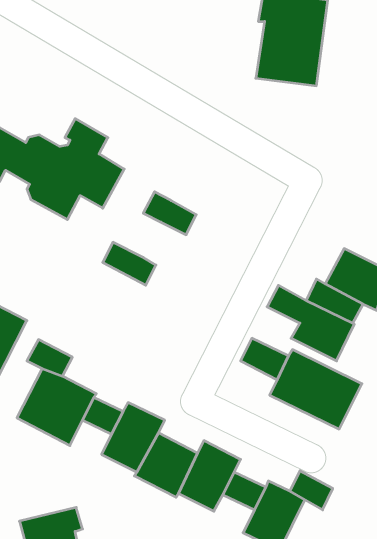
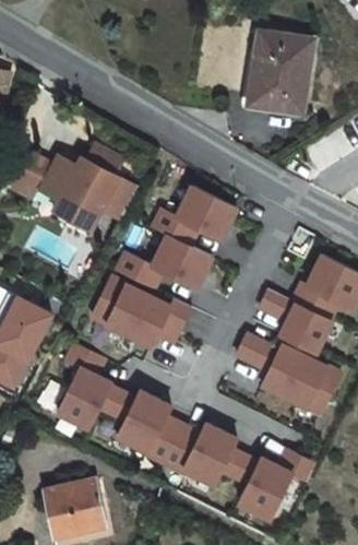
building: none -> [177,185,237,238]
building: none -> [153,234,212,287]
building: none -> [92,275,192,345]

